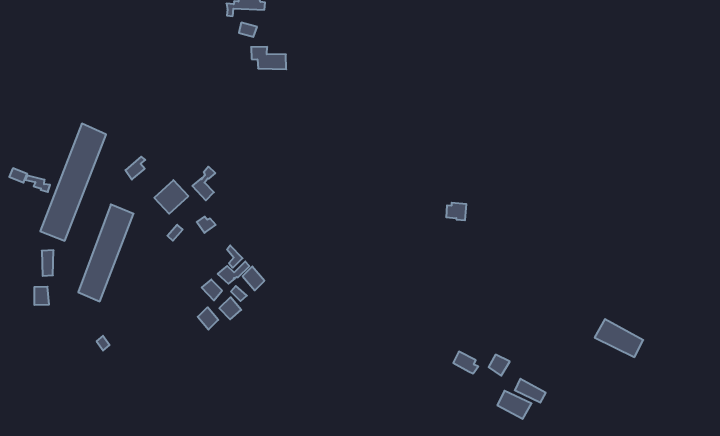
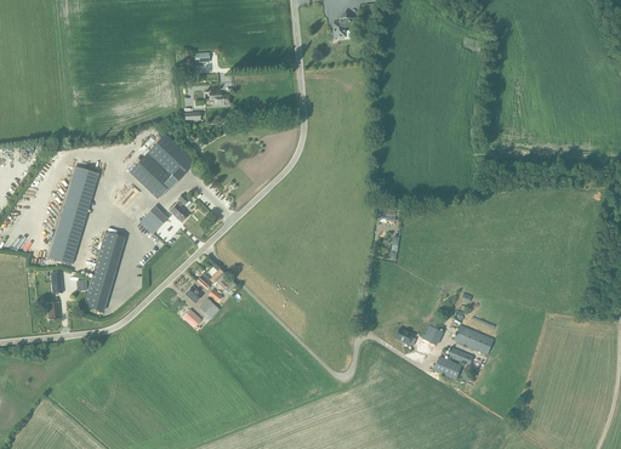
building: none -> [131,132,194,195]
building: [595,319,643,357] -> [455,323,495,352]

